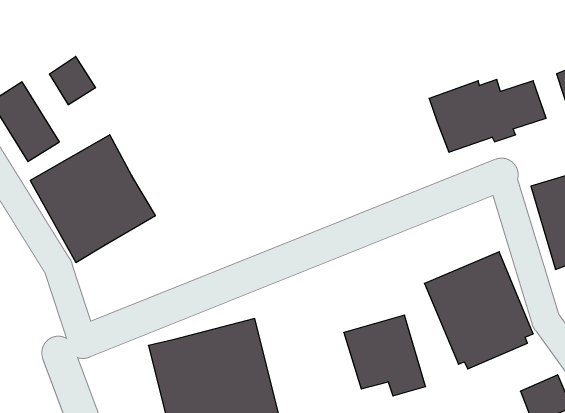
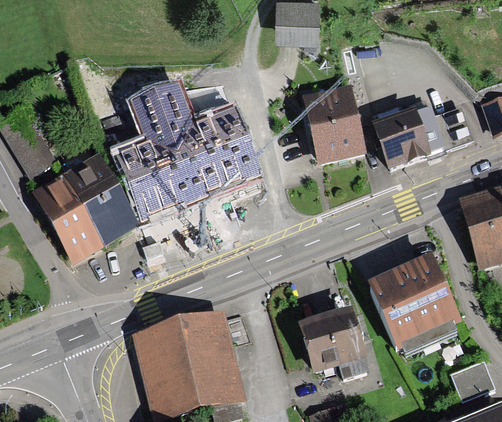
building: none -> [111,75,265,223]
building: none -> [302,86,365,164]
building: [50,56,95,105] -> none

